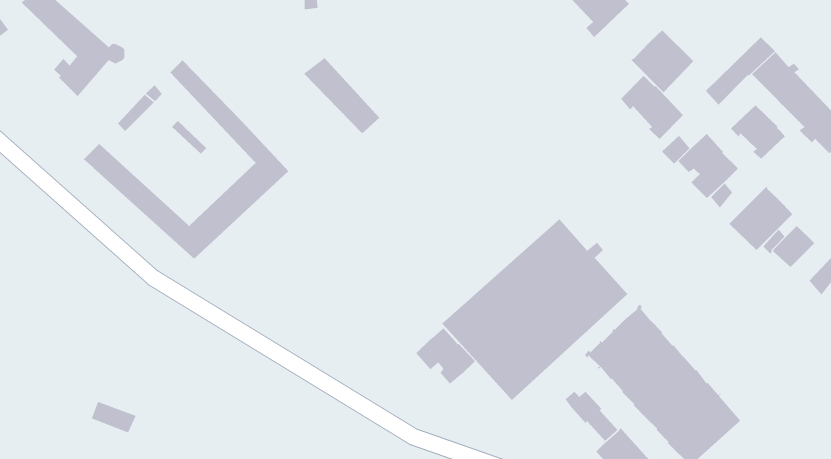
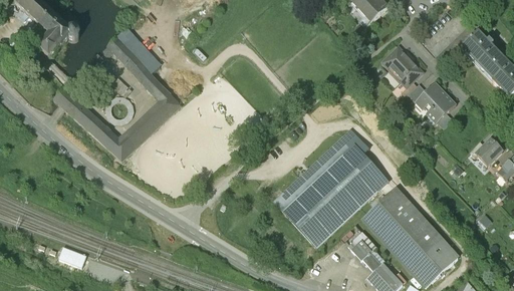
building: [630,30,694,93] -> none
building: [303,57,380,134] -> [114,27,162,74]
building: [730,104,787,160] -> none
building: [728,185,793,251] -> none
building: [416,327,476,385] -> none

